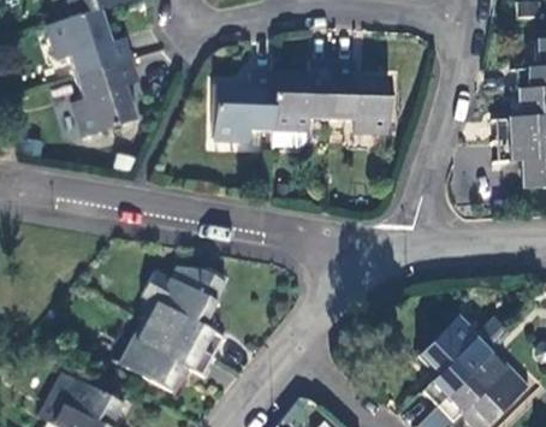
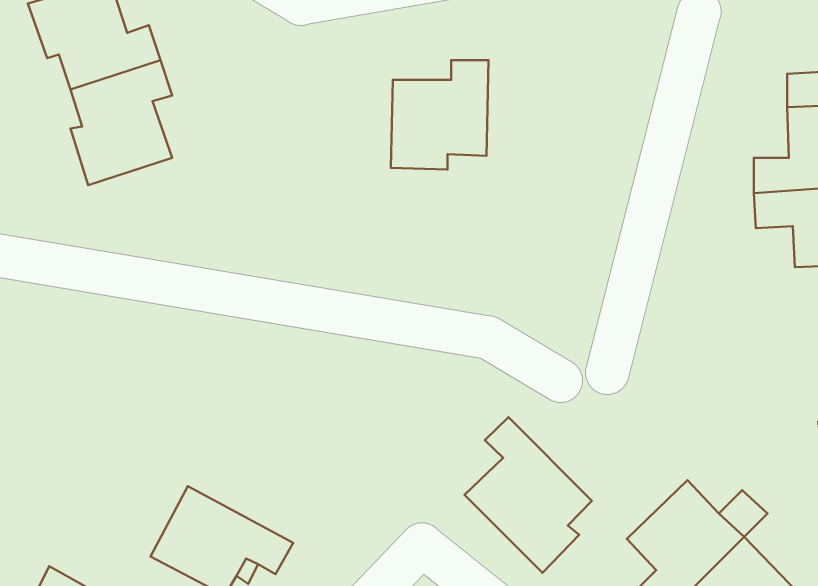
building: [331,61,390,131] -> none
building: [212,72,273,135] -> none
building: [141,268,226,358] -> none
building: none -> [465,417,592,573]

